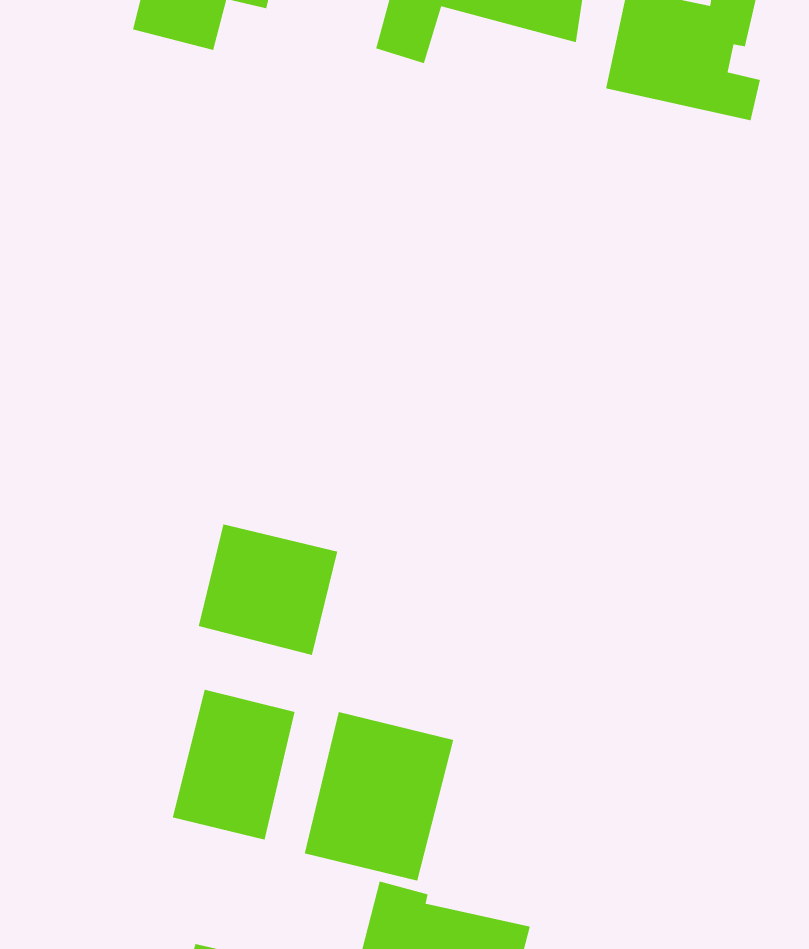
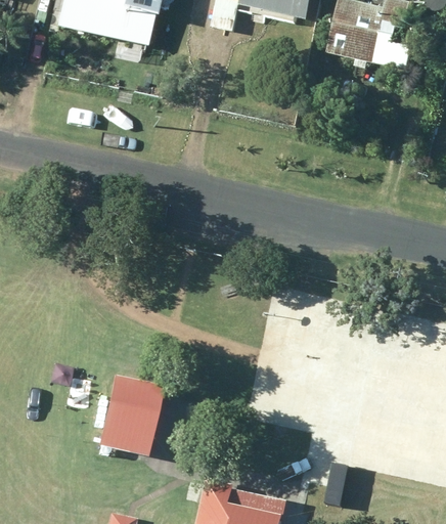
building: [198,524,338,656] -> none
building: [304,711,454,881] -> none

